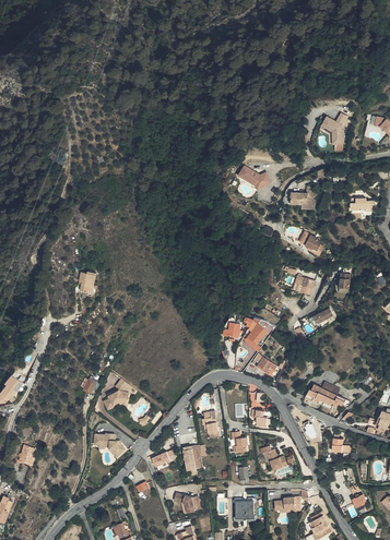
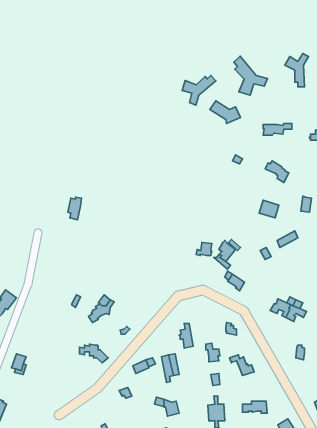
building: none -> [234,56,267,95]
building: none -> [182,75,216,105]

